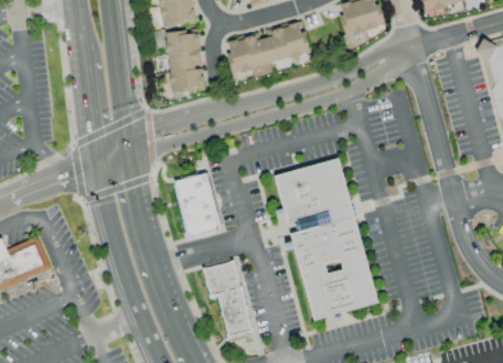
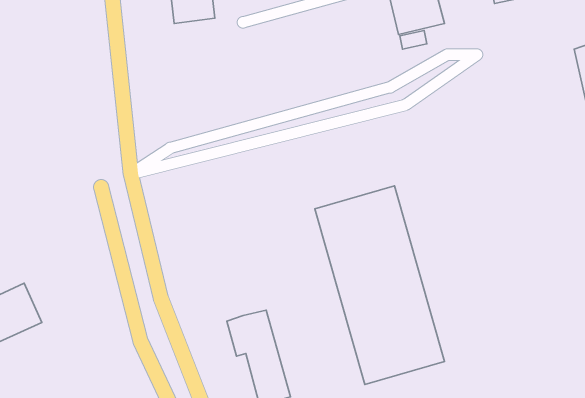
building: [225,23,308,75] -> none
building: [163,32,202,94] -> none
building: [180,174,226,242] -> none

